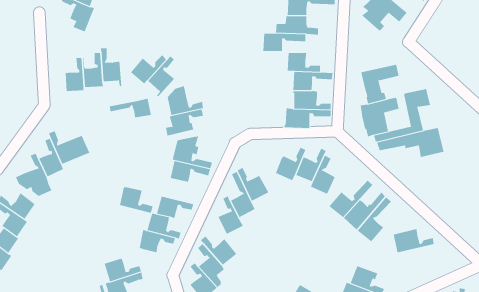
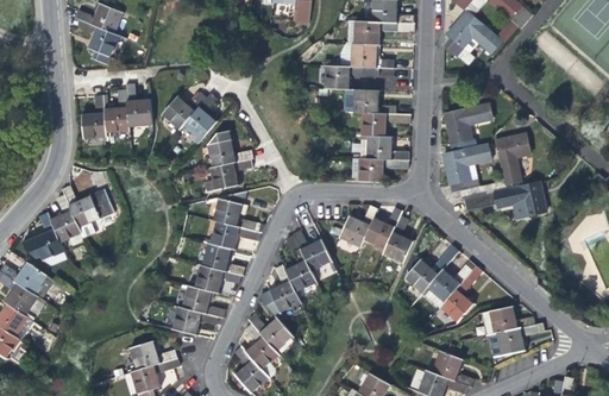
building: [109,98,152,118] -> none
building: [119,187,153,213] -> [202,243,244,275]
building: none -> [489,323,539,357]

